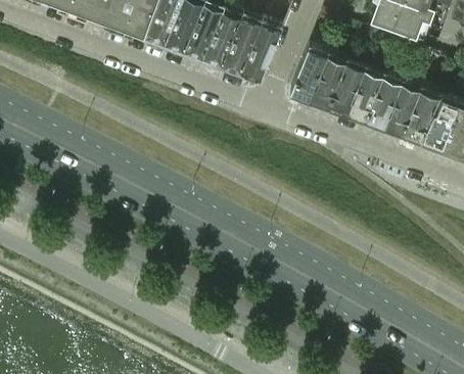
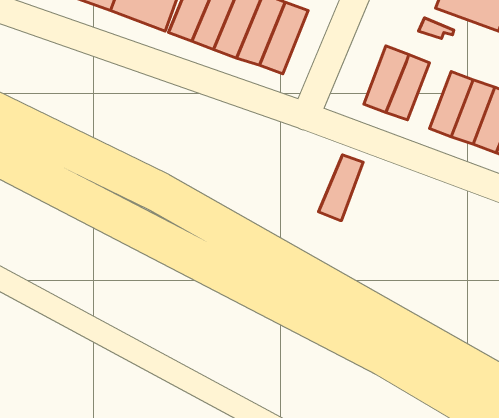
building: [240,25,281,85] -> none
building: [289,48,327,103] -> [318,155,363,220]
building: [345,68,382,124] -> none

